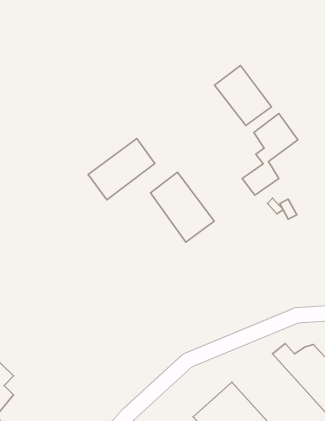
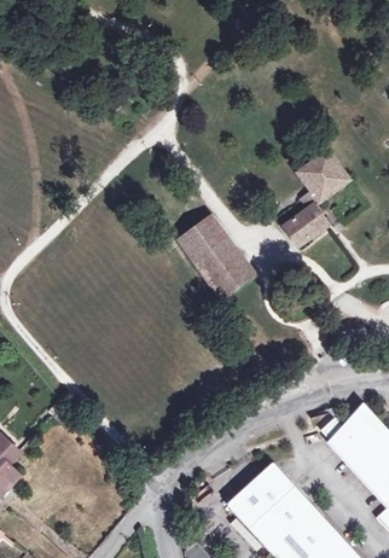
building: [214,65,272,126] -> none
building: [88,138,155,200] -> none

